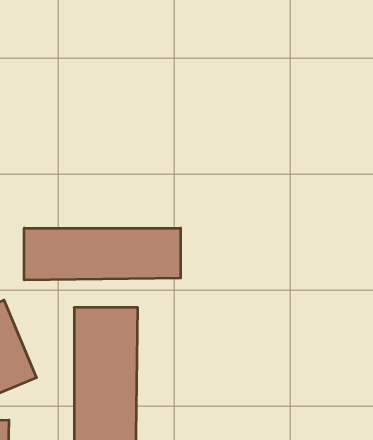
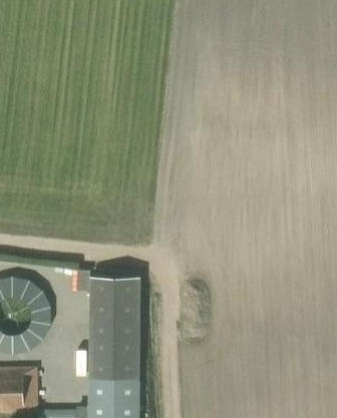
building: [24,228,181,280] -> none

